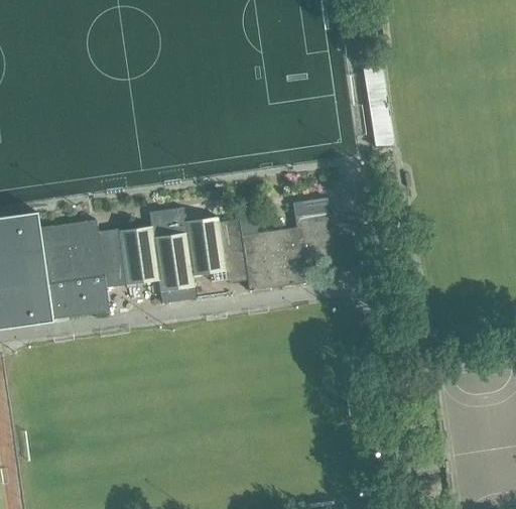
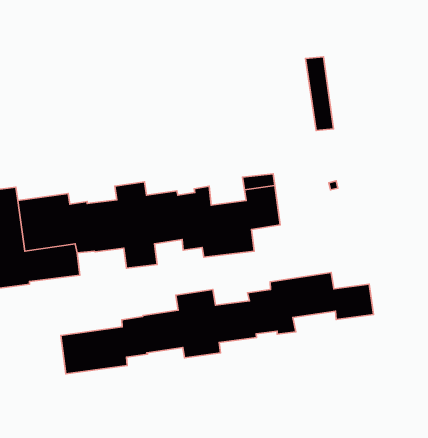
building: none -> [61,273,373,374]

